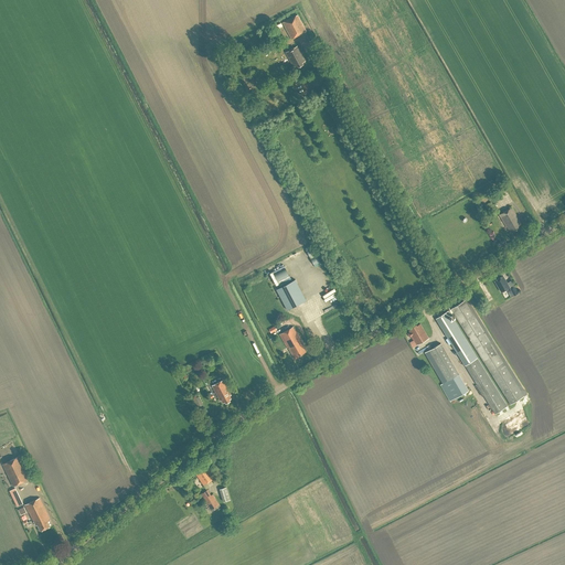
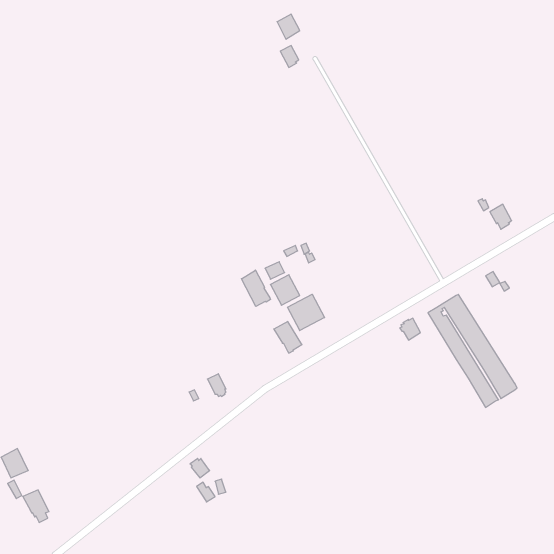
building: none -> [241,270,270,306]
building: none -> [288,294,325,331]
building: [424,344,467,402] -> none

